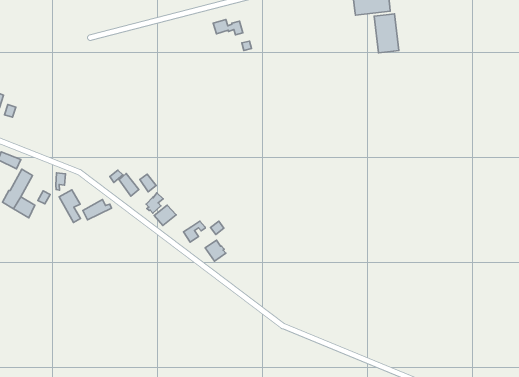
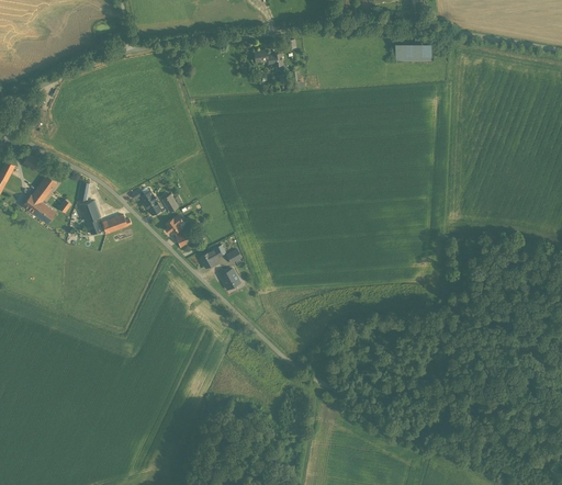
building: [374,14,399,53] -> none

